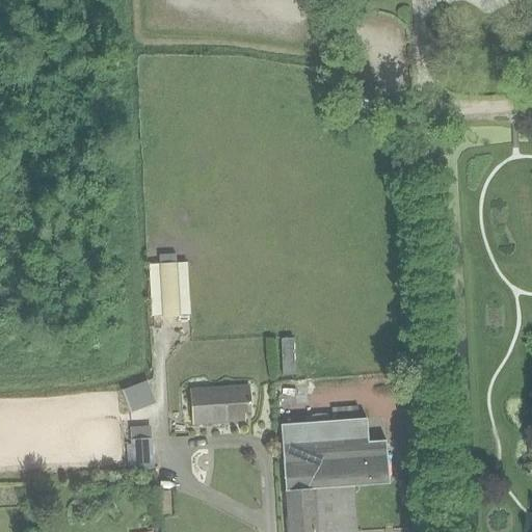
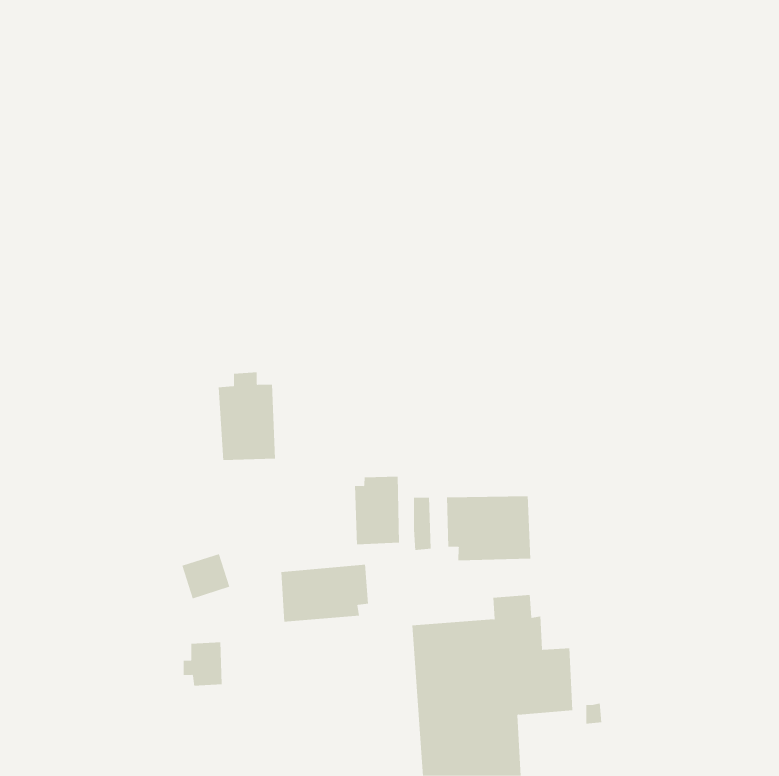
building: none -> [355,476,399,545]
building: none -> [446,495,531,561]

